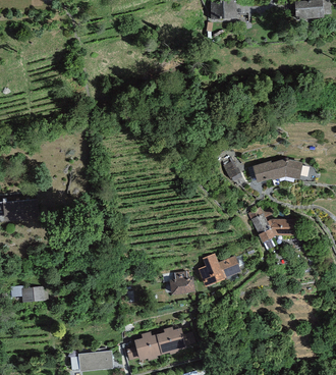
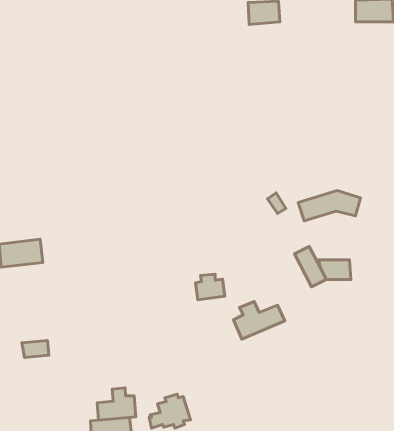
building: [170,272,194,293] -> [195,274,225,300]
building: none -> [97,388,136,420]
building: [156,326,195,353] -> none

